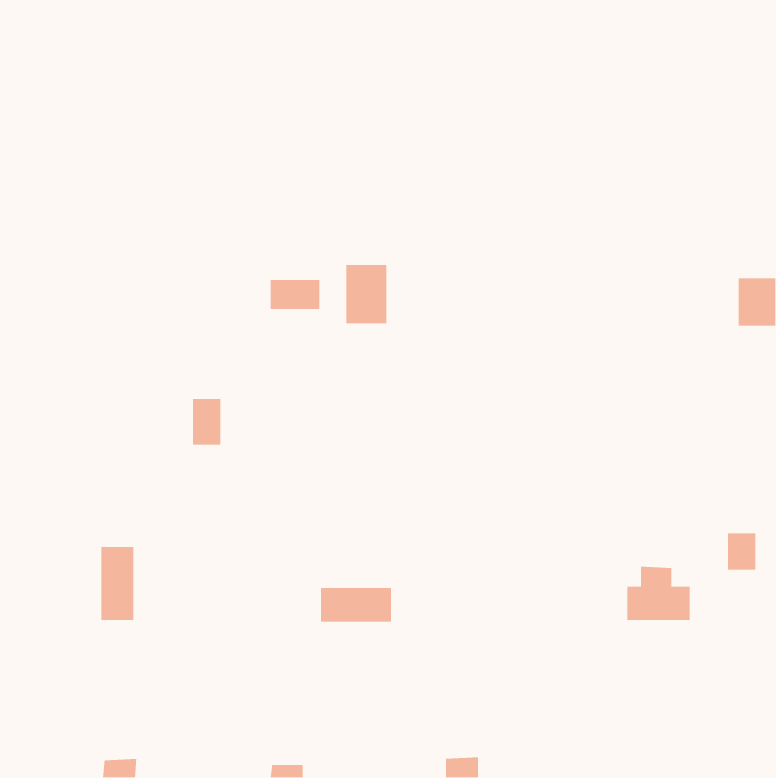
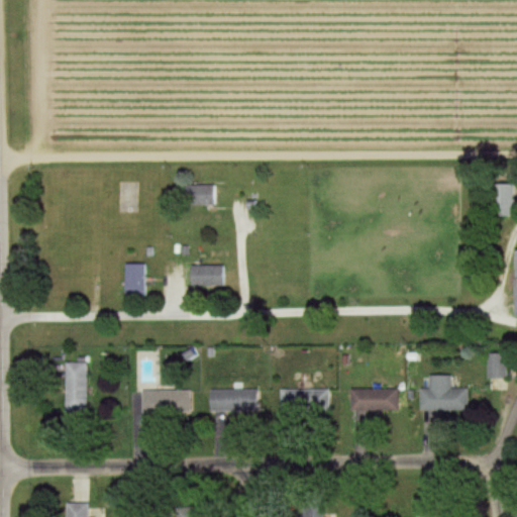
building: [346,264,387,324] -> none
building: none -> [185,266,221,285]
building: none -> [276,389,324,412]
building: none -> [345,389,393,411]
building: none -> [143,390,192,413]

